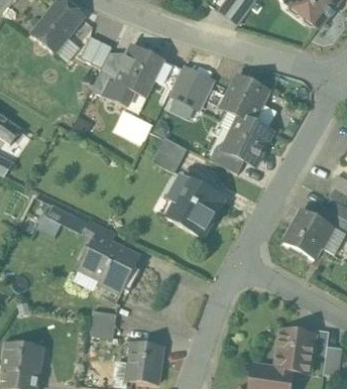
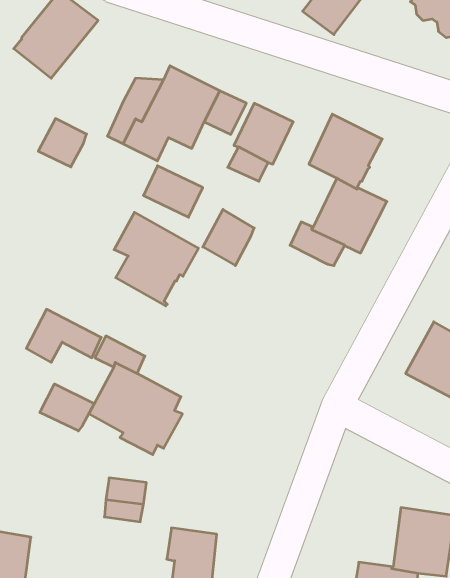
building: [80,35,111,67] -> [38,119,87,167]
building: [167,175,222,236] -> [114,212,198,306]
building: none -> [40,384,94,431]

